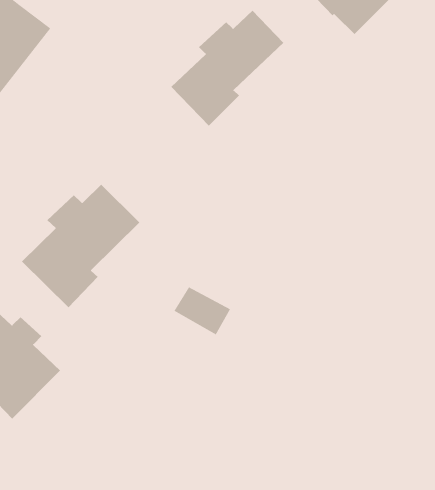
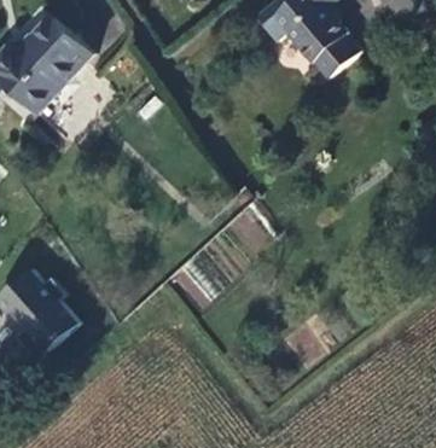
building: [170,10,284,126] -> none
building: [21,184,140,308] -> none

